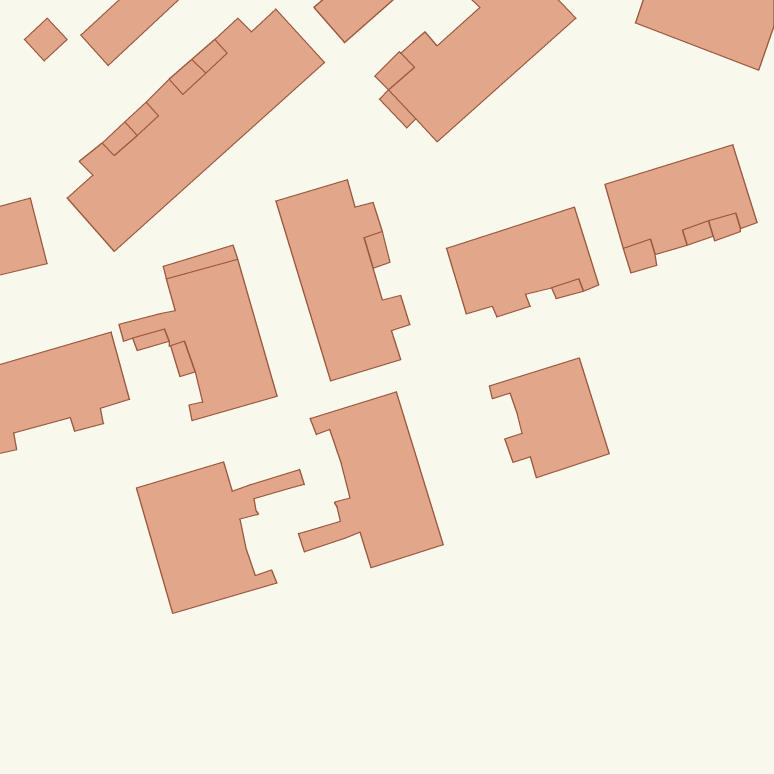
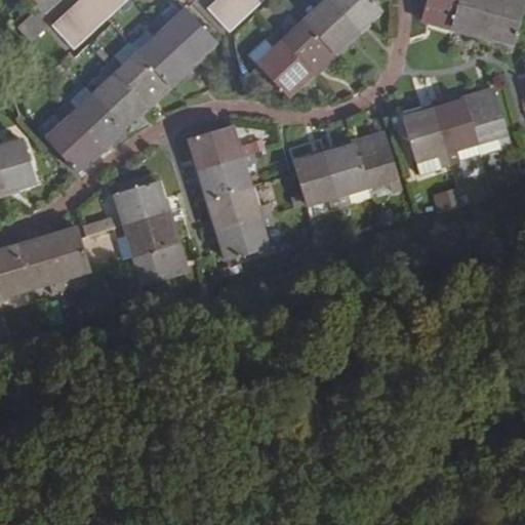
building: [490,358,609,478] -> none
building: [299,392,443,568] -> none
building: [137,462,304,613] -> none

